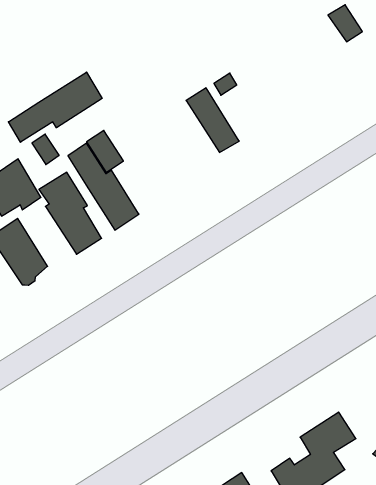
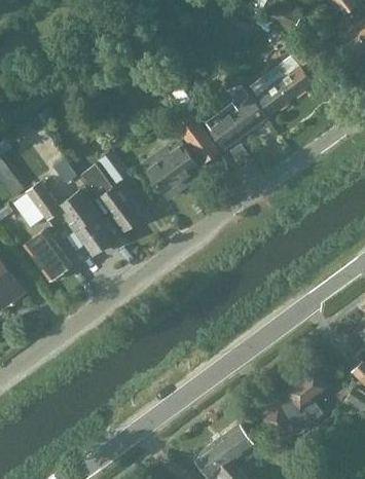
building: none -> [250,57,311,114]
building: [8,72,102,142] -> none
building: none -> [206,96,265,149]
building: none -> [144,146,202,205]

